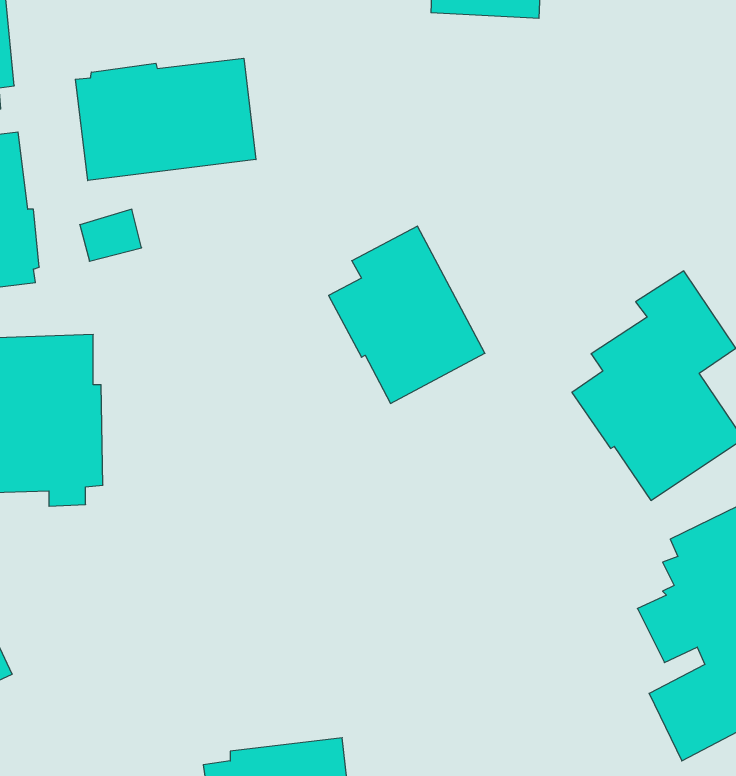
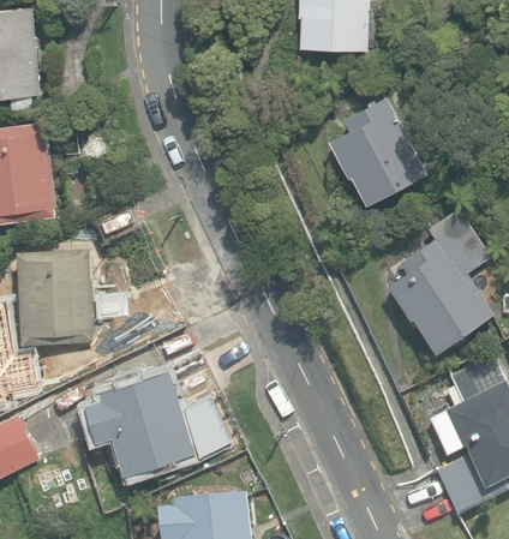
building: [75,58,256,181] -> none
building: [329,226,485,403] -> [329,97,426,208]
building: none -> [86,371,193,474]

